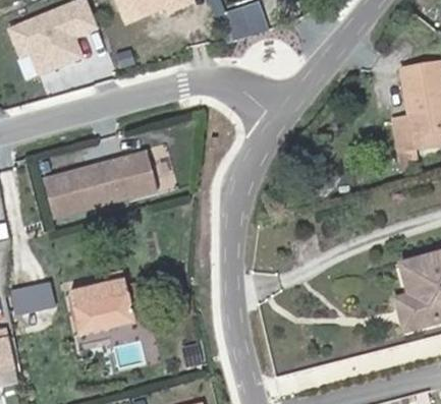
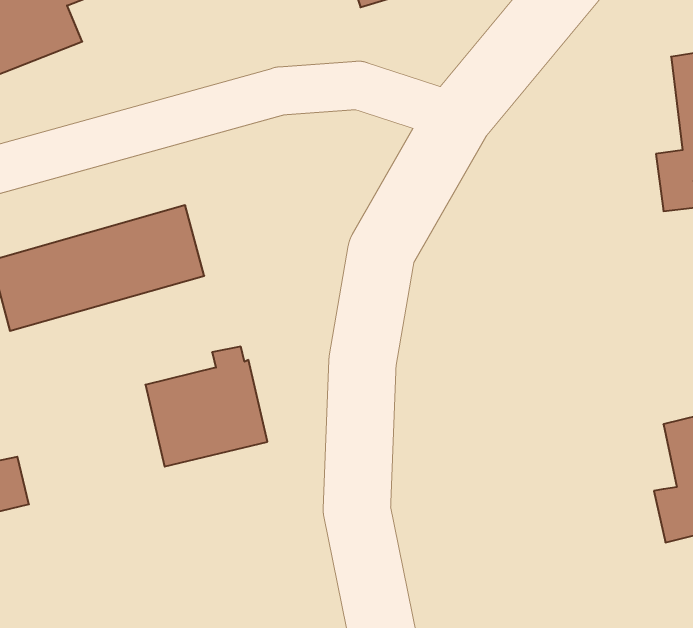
building: [69,280,134,344] -> [145,347,267,467]

